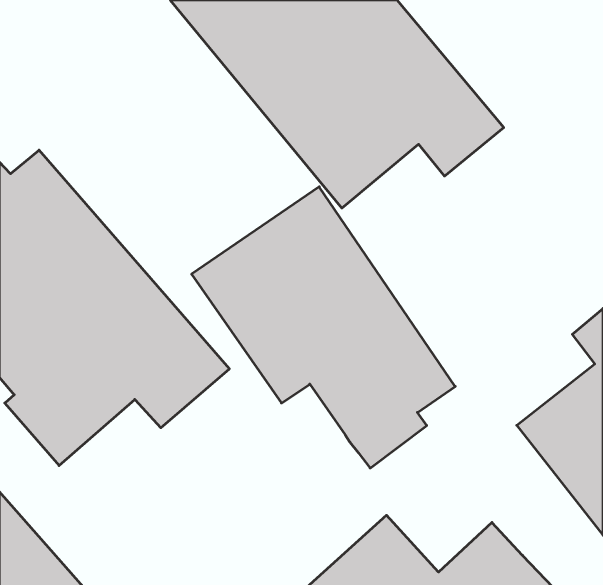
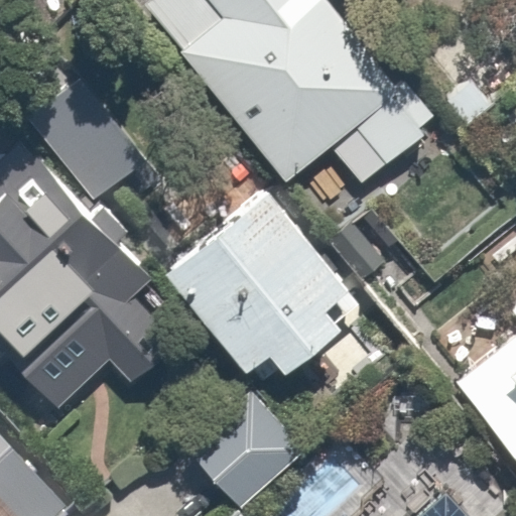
building: none -> [27,74,149,202]
building: none -> [194,400,299,507]

